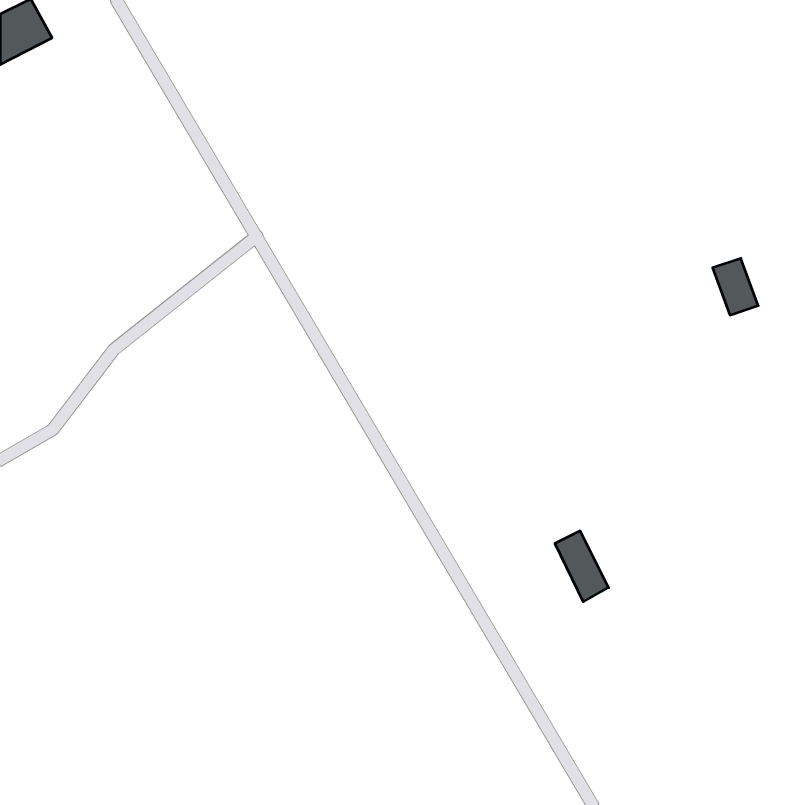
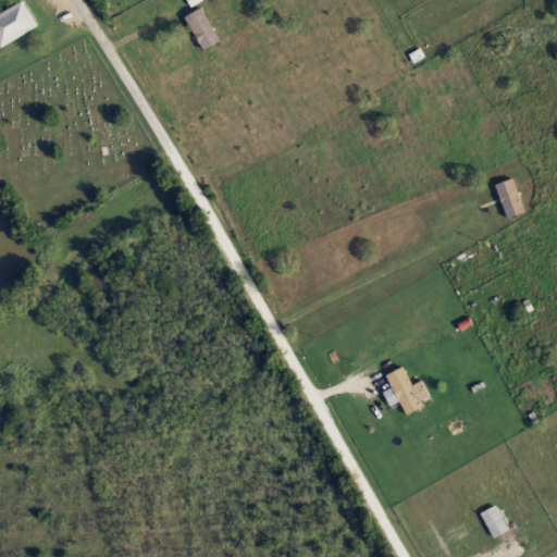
building: none -> [182,7,219,51]
building: none -> [485,507,510,539]

